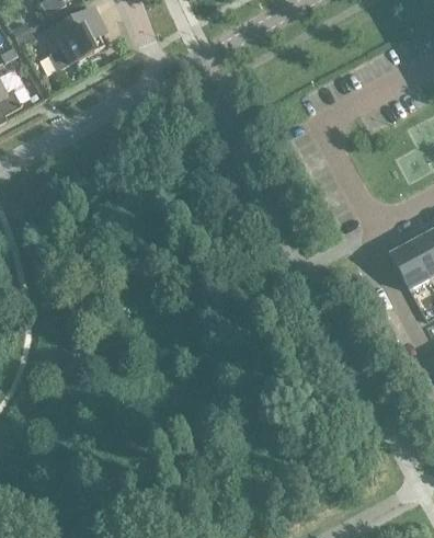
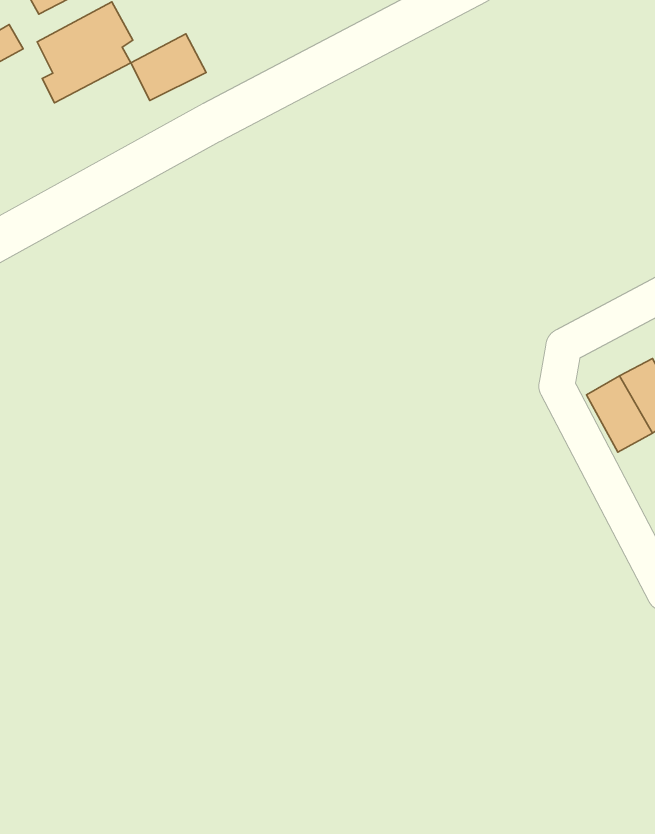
building: none -> [131,34,206,100]

